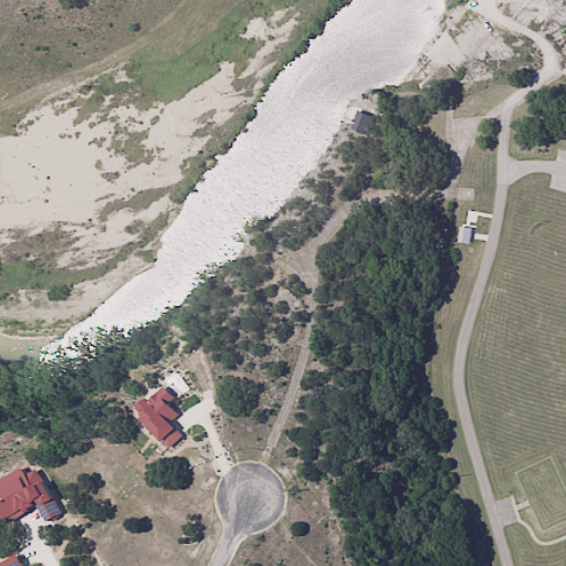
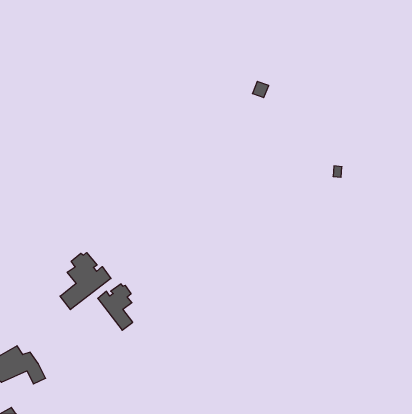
building: none -> [60,253,111,310]

